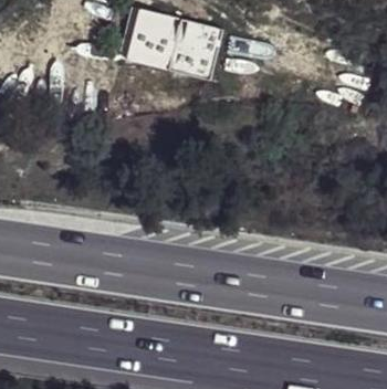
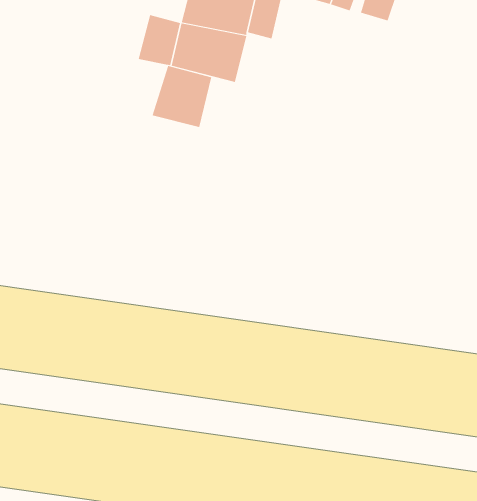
building: none -> [152,65,212,128]

